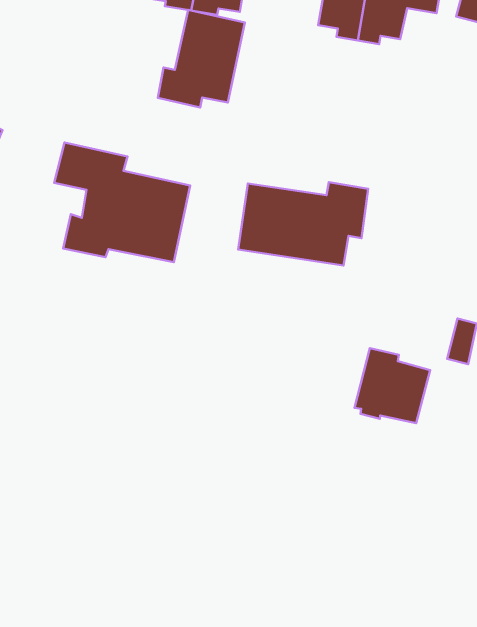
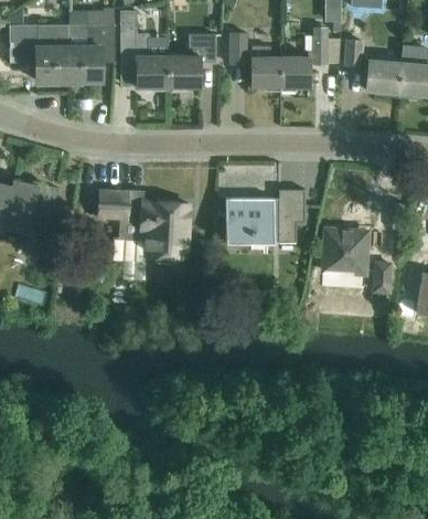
building: [158,10,245,108] -> none
building: [355,348,430,423] -> [322,227,367,273]

